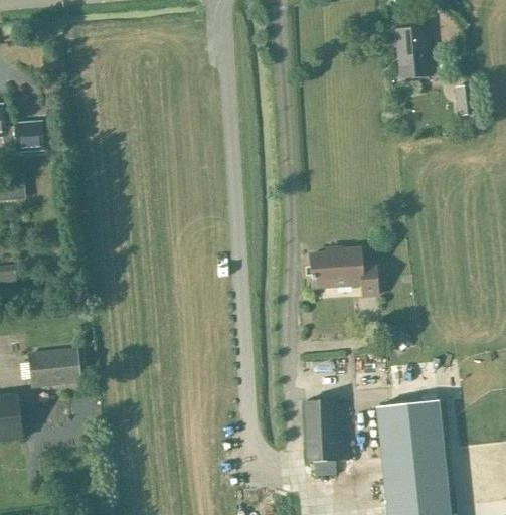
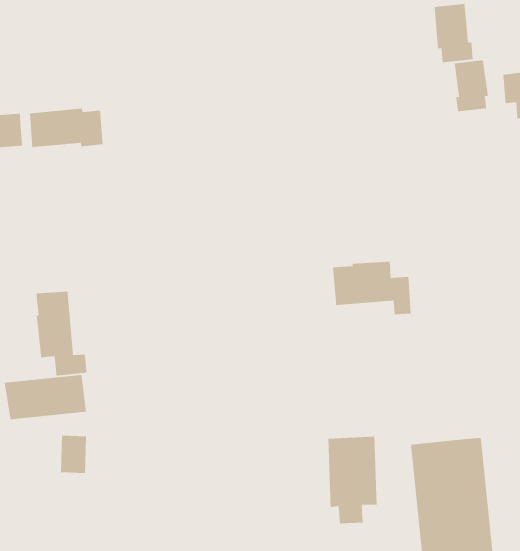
building: none -> [454,60,488,112]
building: none -> [29,108,103,148]
building: none -> [36,291,87,376]

